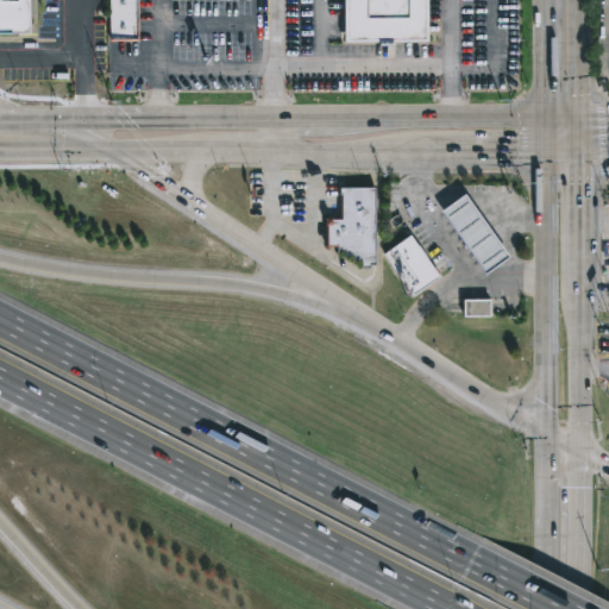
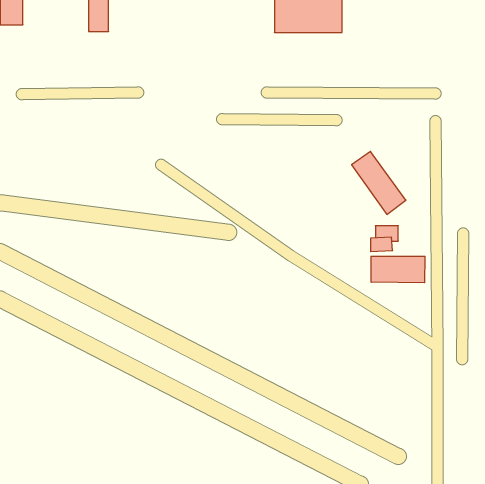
building: [325,183,373,263] -> none
building: [385,237,439,295] -> none
building: none -> [371,256,425,283]

